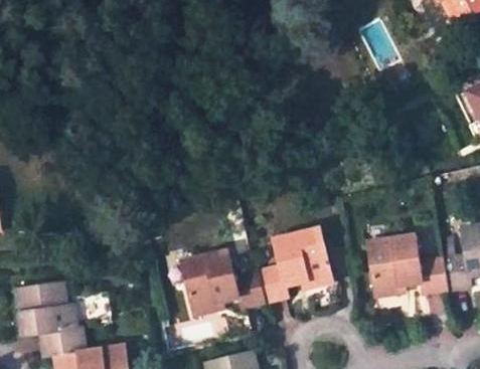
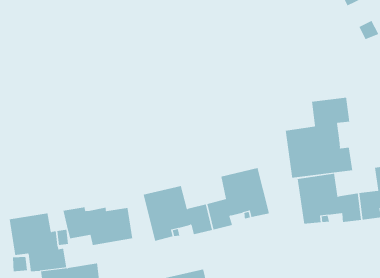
building: none -> [285,97,353,179]
building: none -> [63,207,133,246]

